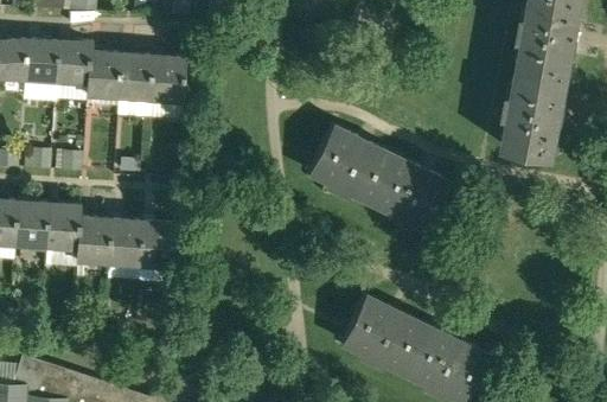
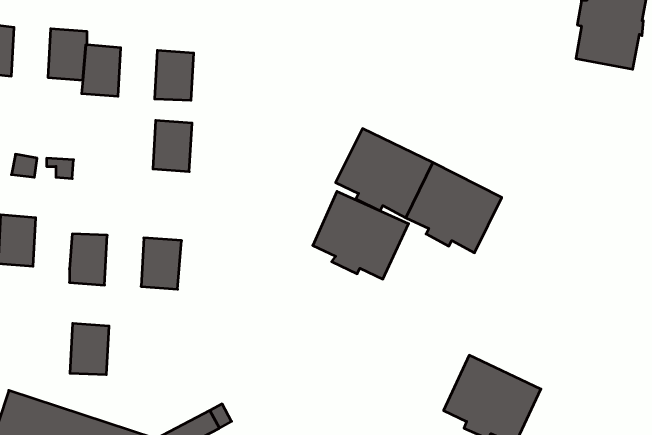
building: [24,39,58,83] -> none
building: [117,57,152,102] -> [153,120,192,172]
building: [505,66,569,155] -> none
building: [43,206,77,251] -> none
building: [106,222,140,267] -> [70,323,109,375]
building: [341,299,426,376] -> [313,191,409,279]

